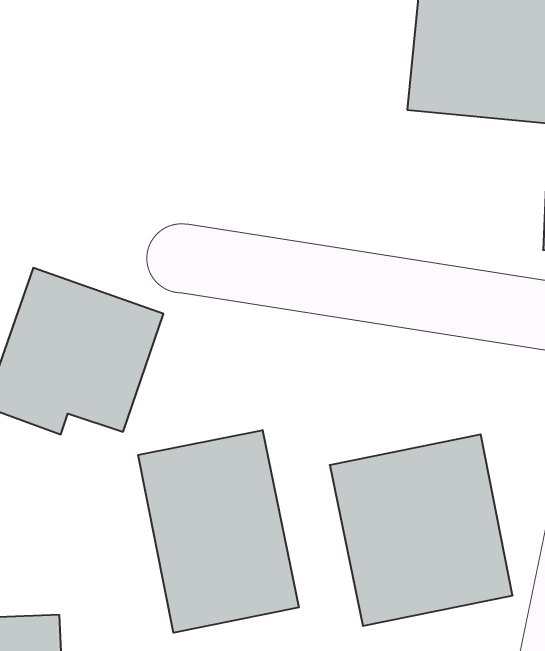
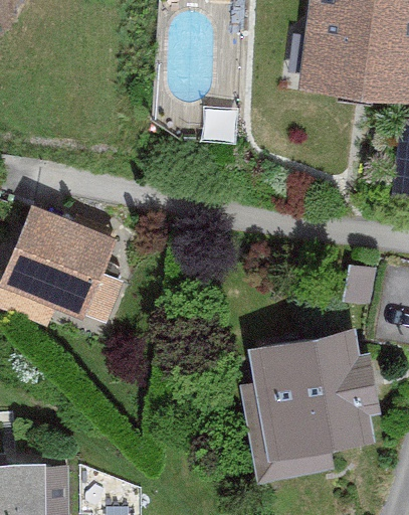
building: [138,430,299,633] -> none

